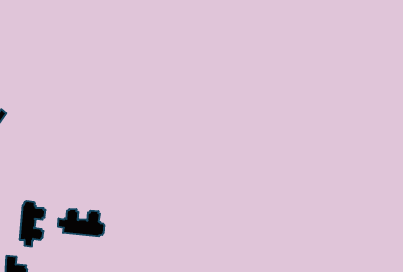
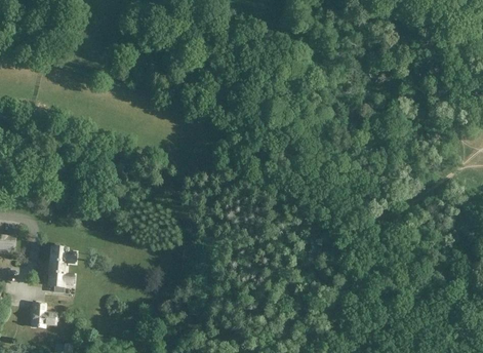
building: [58,209,104,236] -> none

